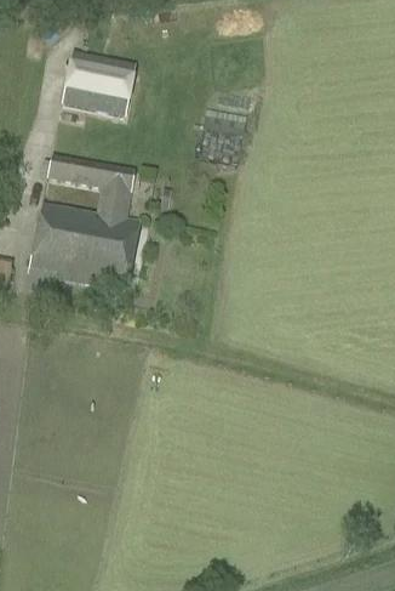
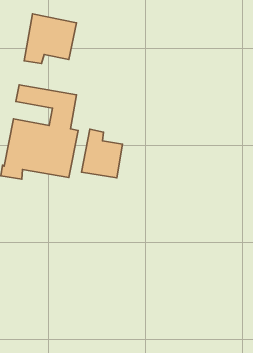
building: none -> [81,129,123,178]

